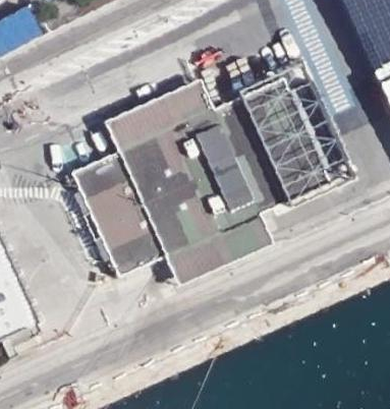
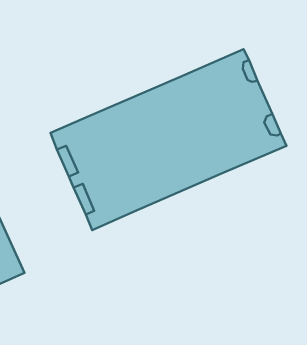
building: [101,77,211,149] -> none
building: [161,213,270,284] -> none

